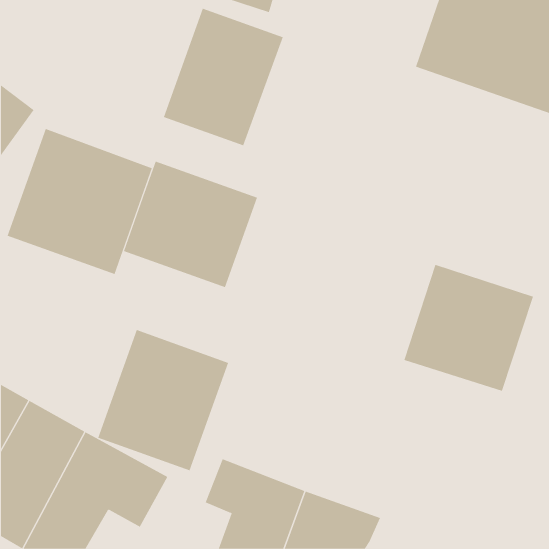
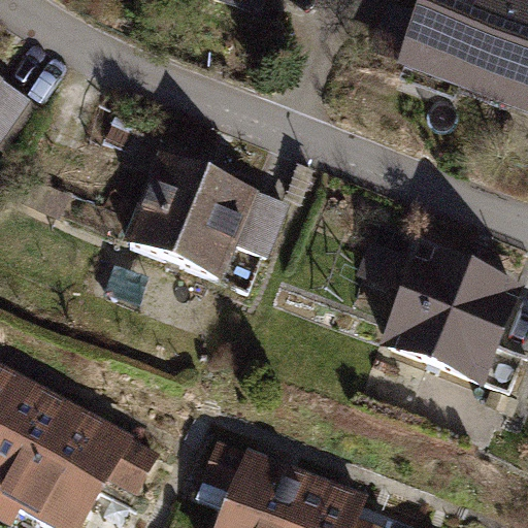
building: [163,8,284,146] -> none
building: [7,128,153,275] -> none
building: [97,329,229,471] -> none

